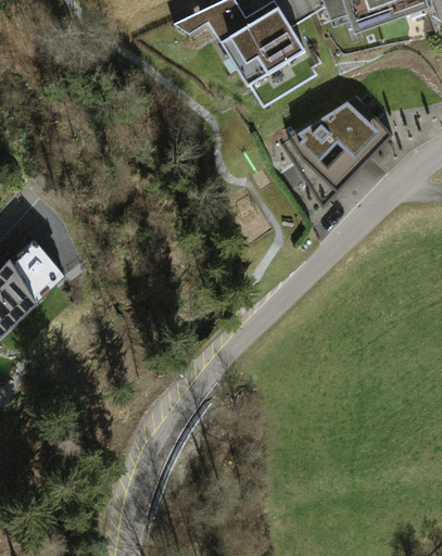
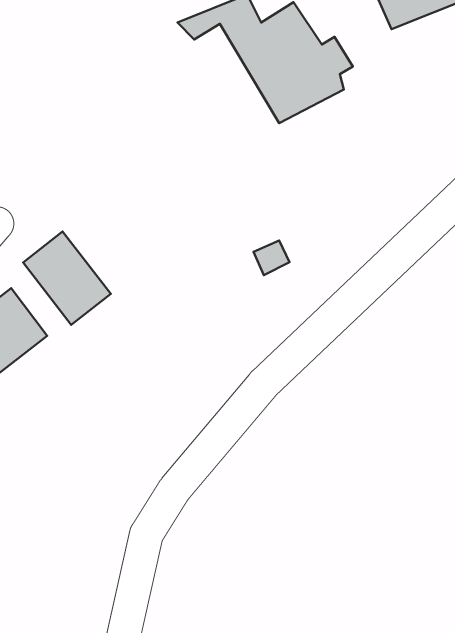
building: [276,92,391,201] -> none
building: none -> [23,232,111,325]

